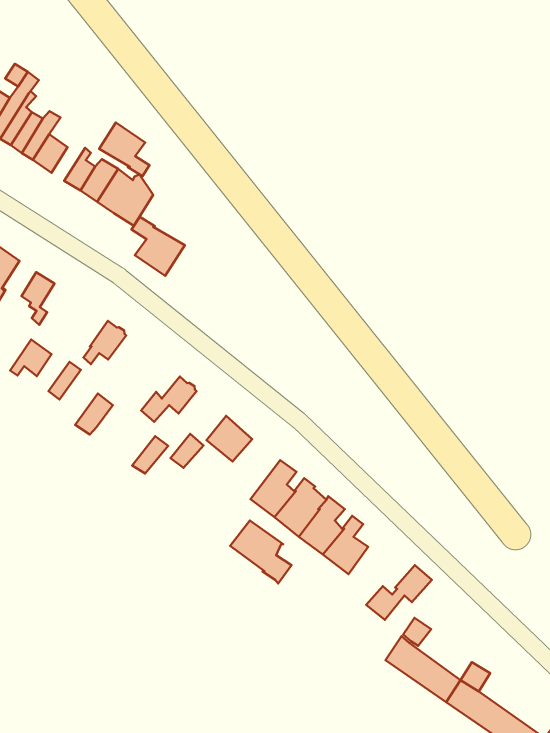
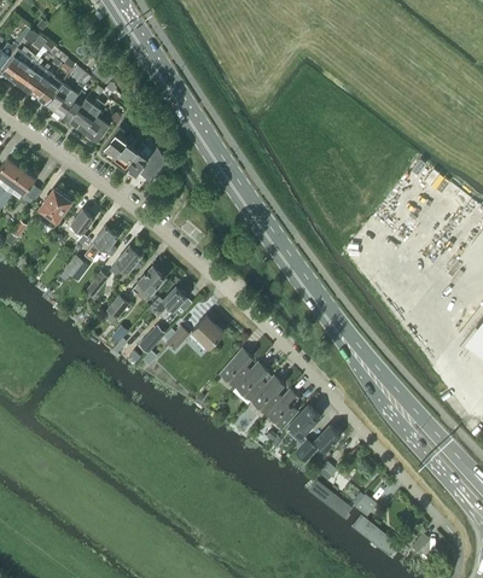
building: [99,123,150,176] -> none
building: [132,217,185,276] -> none
building: none -> [85,227,118,262]
building: none -> [132,267,165,299]
building: [230,520,291,584] -> none
building: none -> [285,405,320,445]

